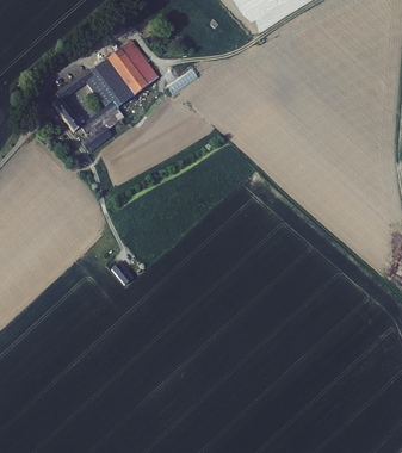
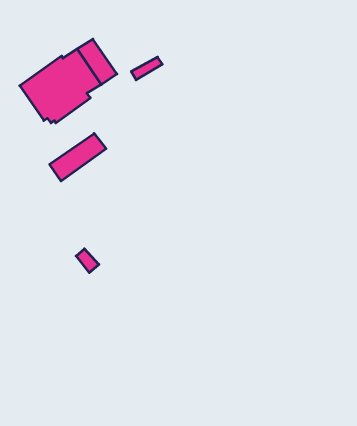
building: none -> [50,133,106,181]

